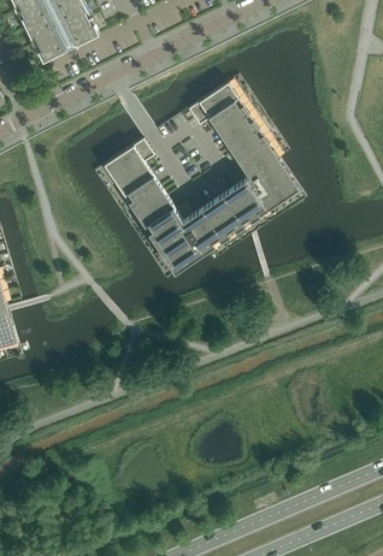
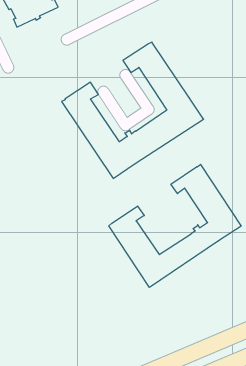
building: none -> [109,164,241,287]

